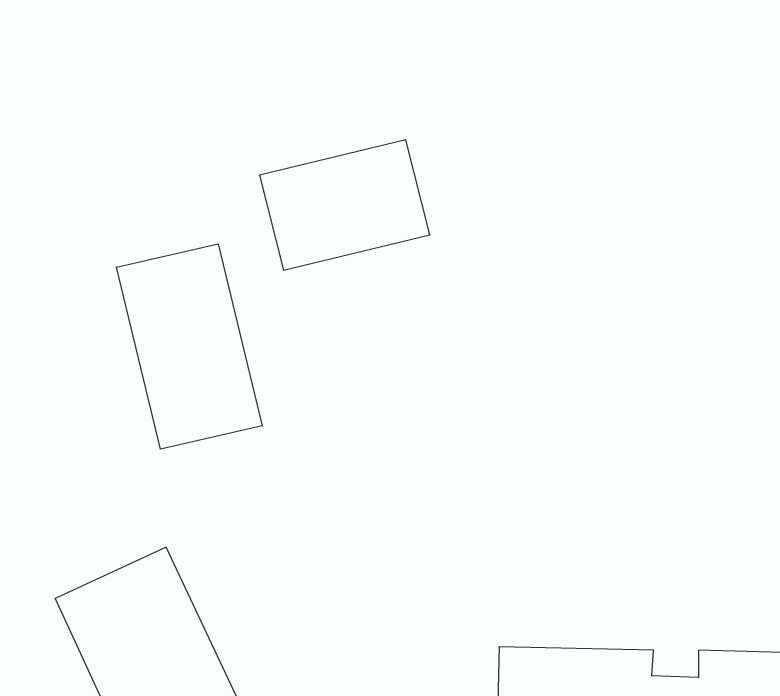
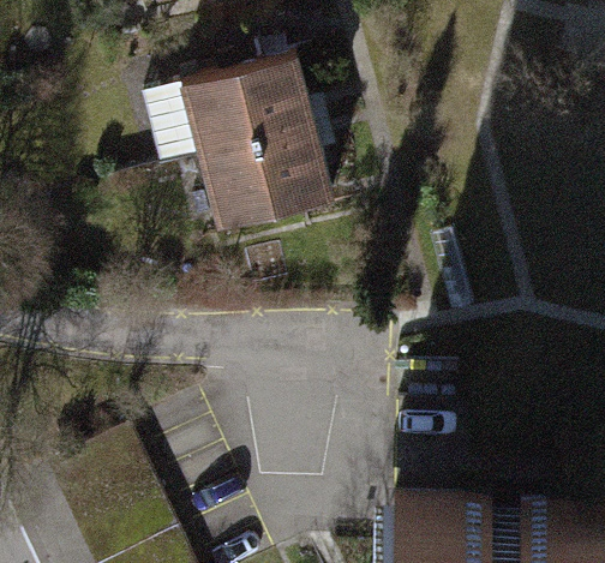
building: none -> [184,53,311,151]
building: [116,244,262,449] -> none

